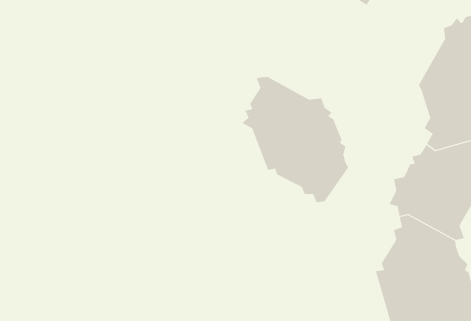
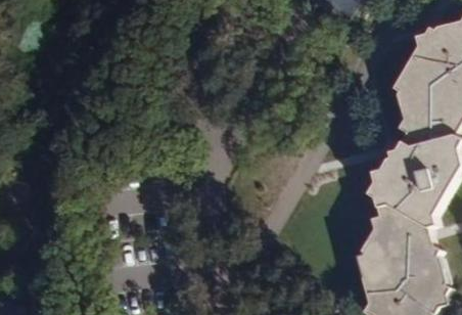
building: [242,76,349,203] -> none

